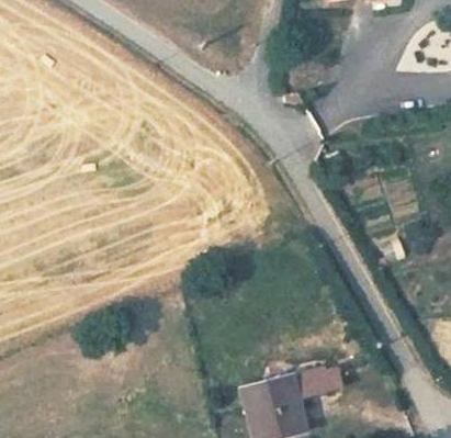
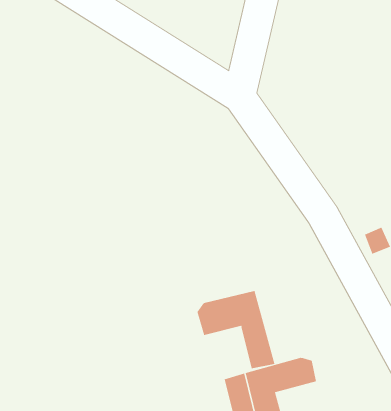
building: none -> [197,290,275,369]

